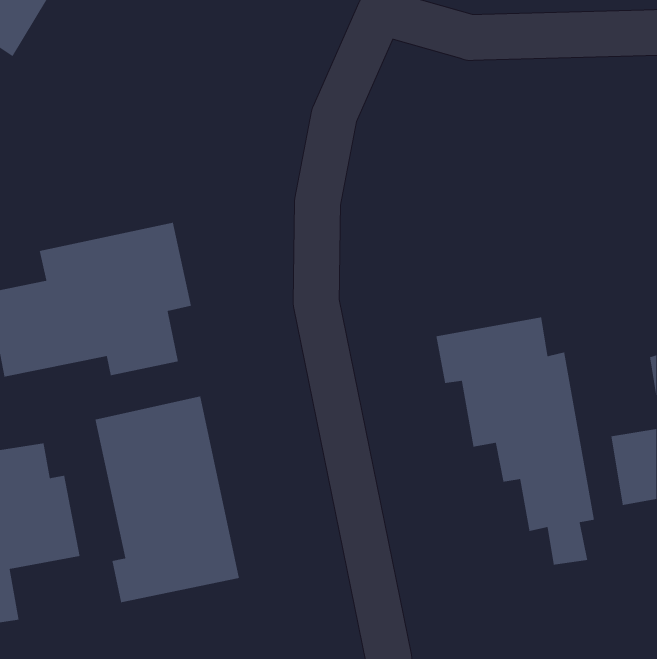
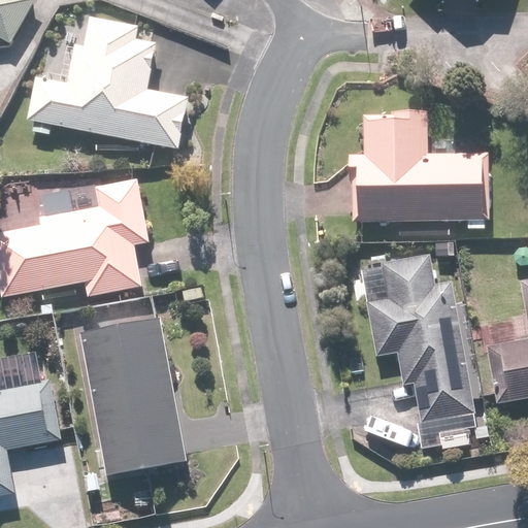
building: none -> [26,12,188,147]
building: none -> [349,112,487,228]

